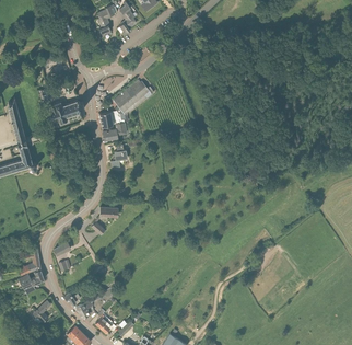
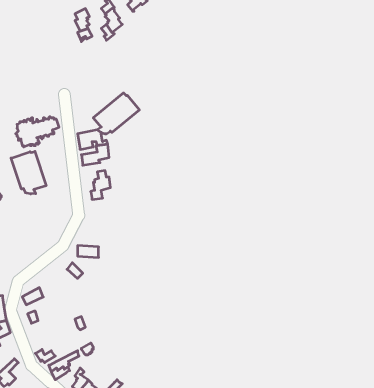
building: none -> [11,151,46,194]

